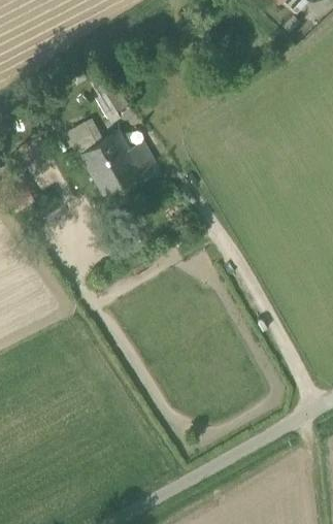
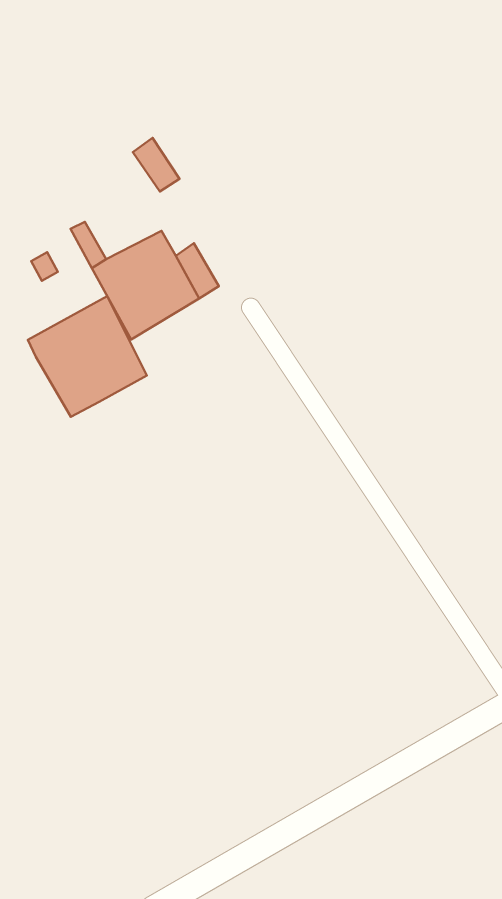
building: none -> [28,296,147,417]

